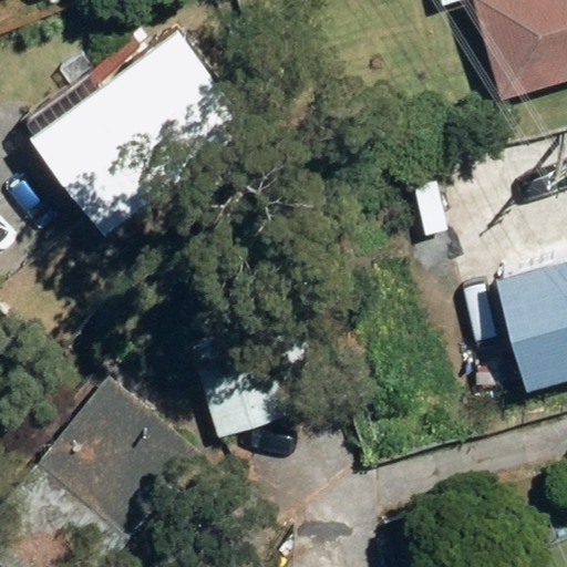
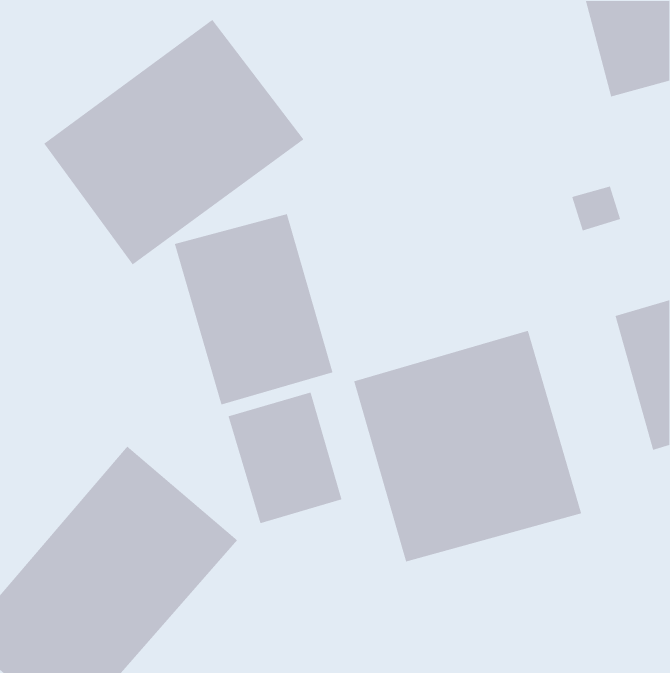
building: none -> [174,213,334,405]
building: none -> [353,330,582,562]

